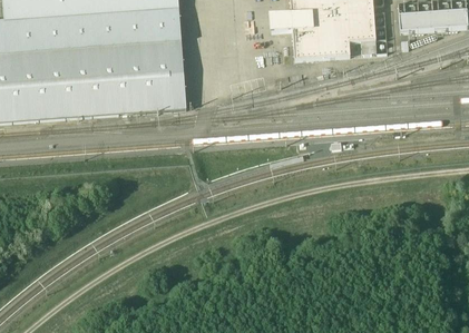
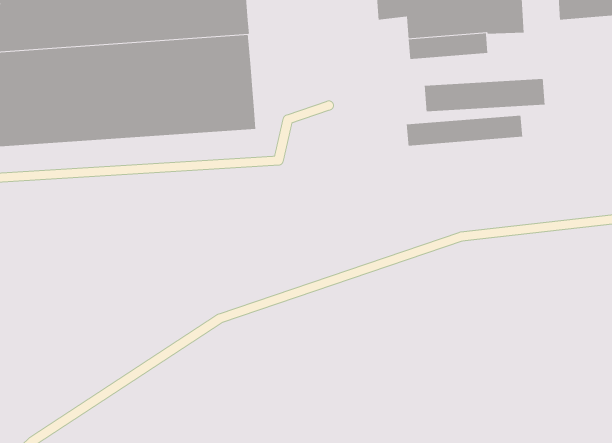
building: none -> [424,78,545,112]
building: none -> [406,115,523,146]

